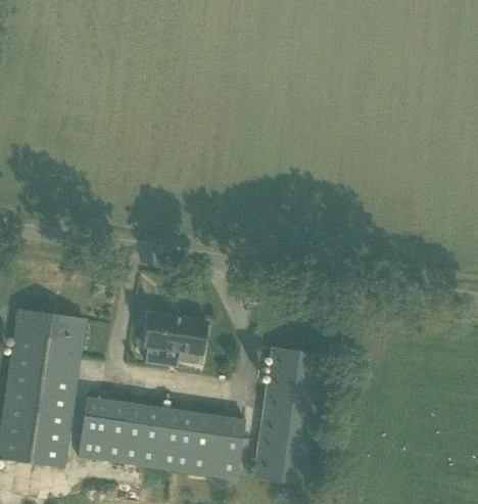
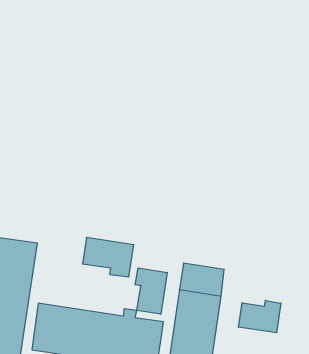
building: none -> [135,268,167,314]
building: none -> [239,300,281,333]

